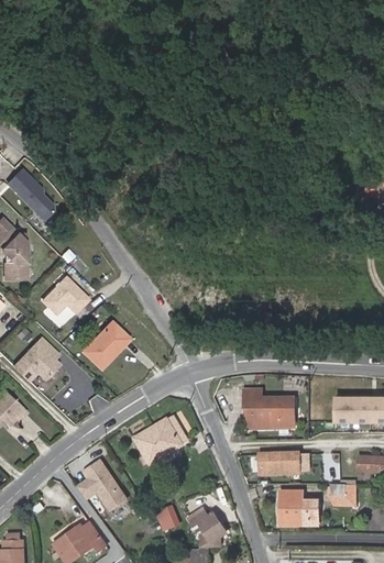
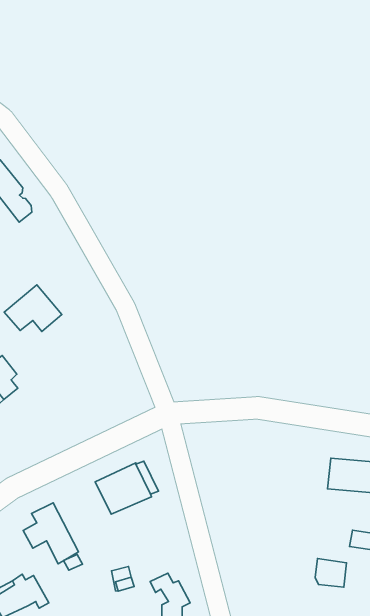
building: [83,321,130,368] -> none
building: [243,389,295,428] -> none
building: [260,452,309,473] -> none
building: [281,490,317,523] -> none

